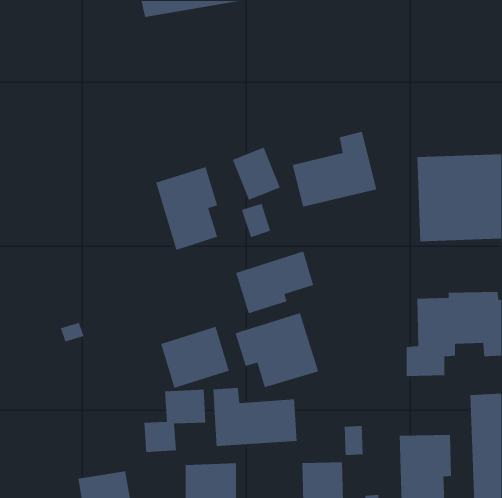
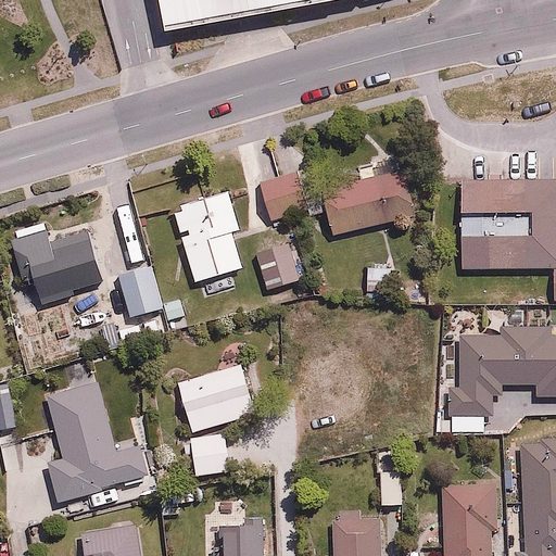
building: none -> [7,222,106,309]
building: none -> [117,263,162,318]
building: [235,250,314,314] -> none
building: [234,312,319,388] -> none
building: none -> [49,383,149,503]
building: [213,387,297,447] -> none

